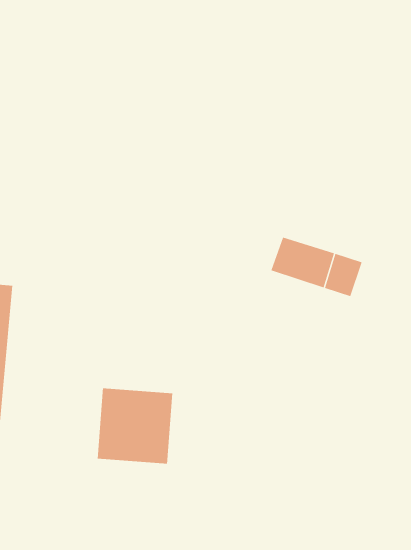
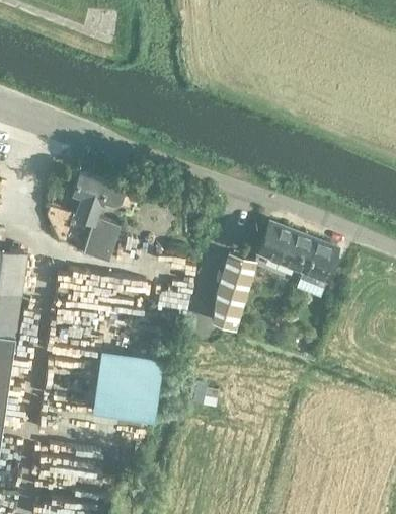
building: none -> [62,175,123,262]
building: none -> [212,254,256,332]

